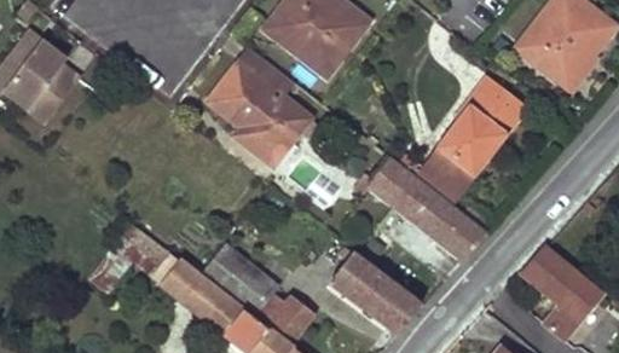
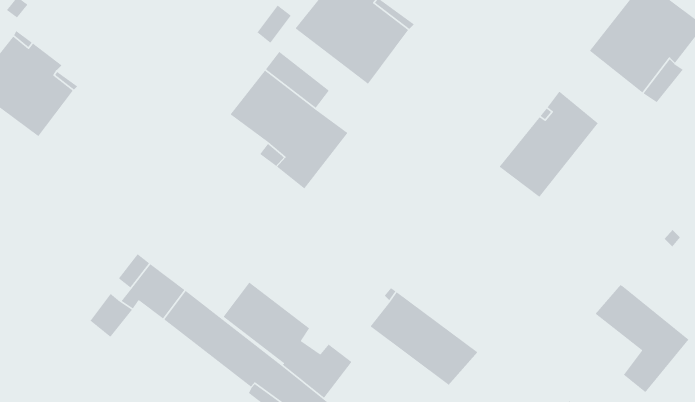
building: [424,146,474,193] -> none
building: [354,160,486,260] -> none

